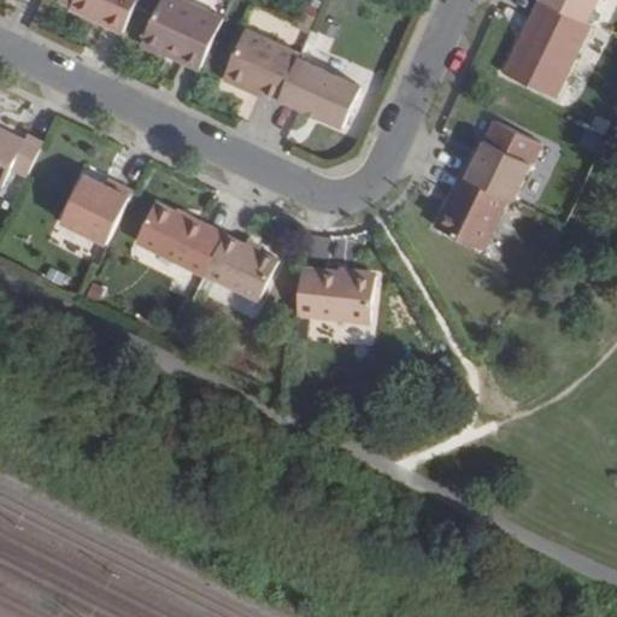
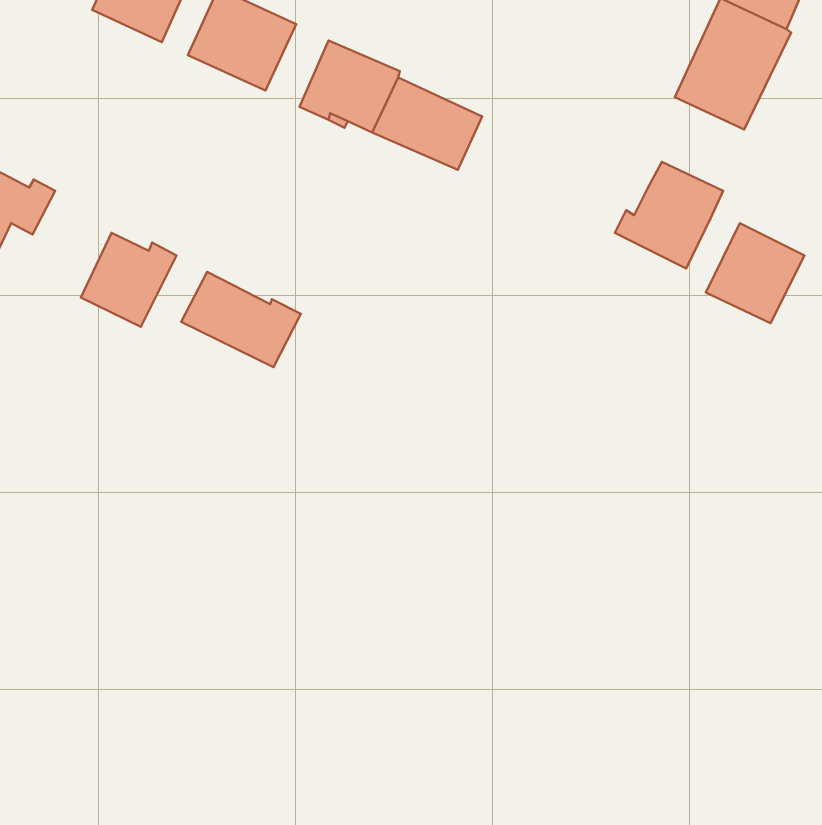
building: [433,174,506,248] -> [706,223,805,323]
building: [204,234,277,300] -> none
building: [295,268,375,323] -> none

